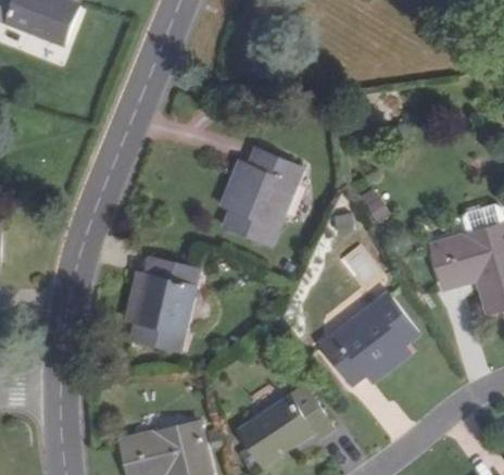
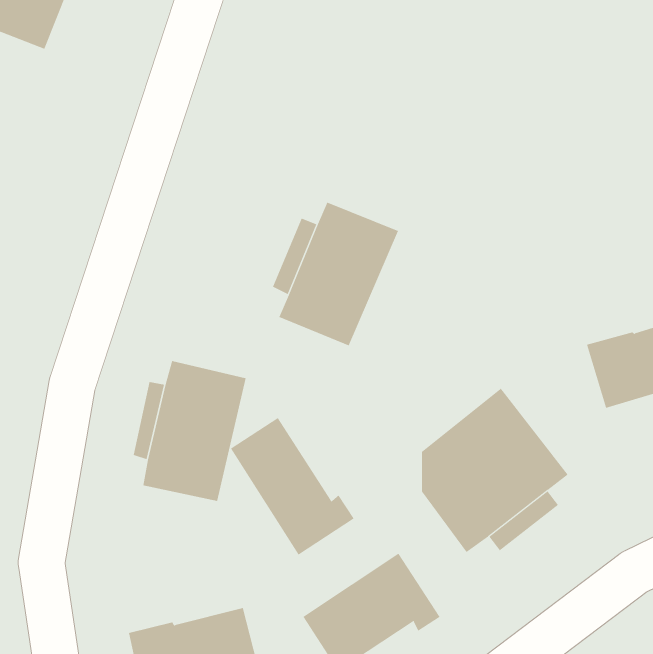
building: none -> [230,417,355,555]

